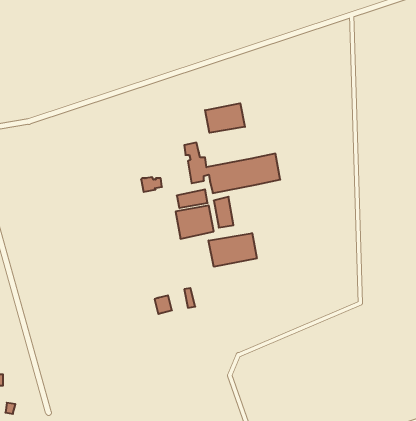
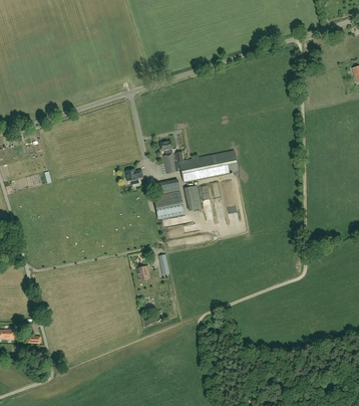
building: [205,103,245,133] -> none
building: [209,233,257,267] -> none

